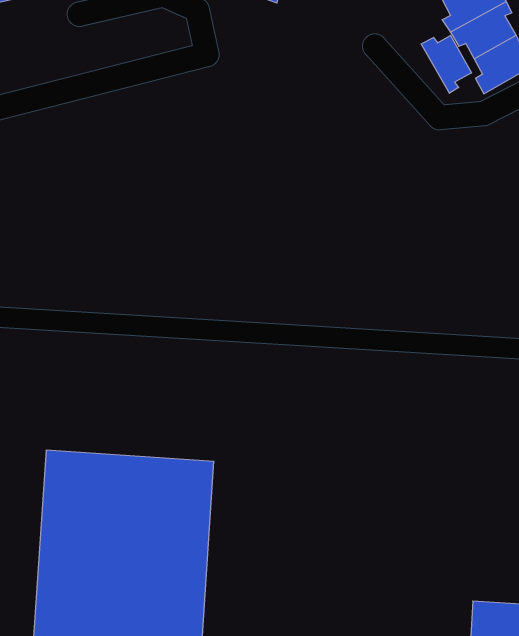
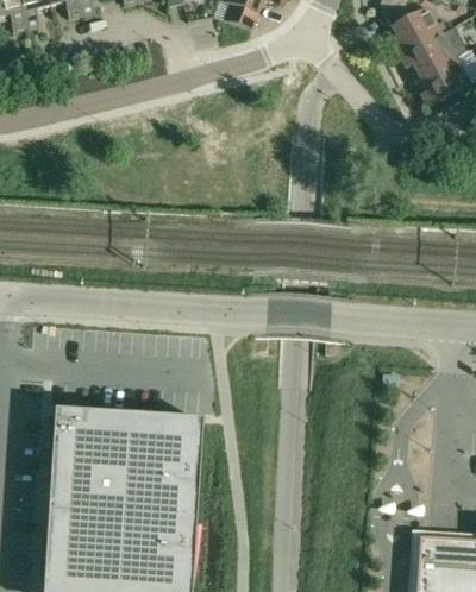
building: [421,35,471,93] -> none

